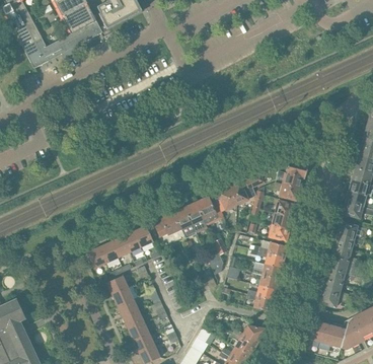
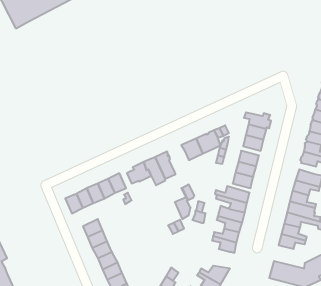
building: [198,196,223,223] -> none

